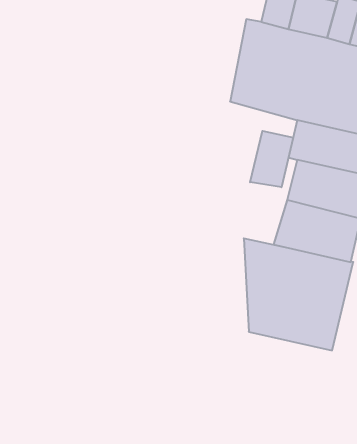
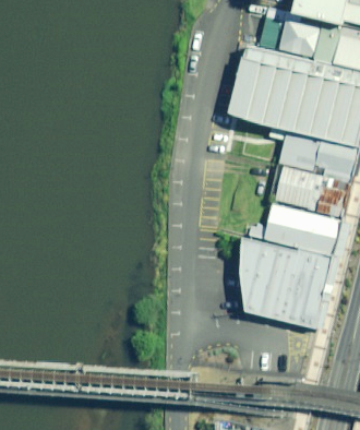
building: [250,131,293,187] -> none

